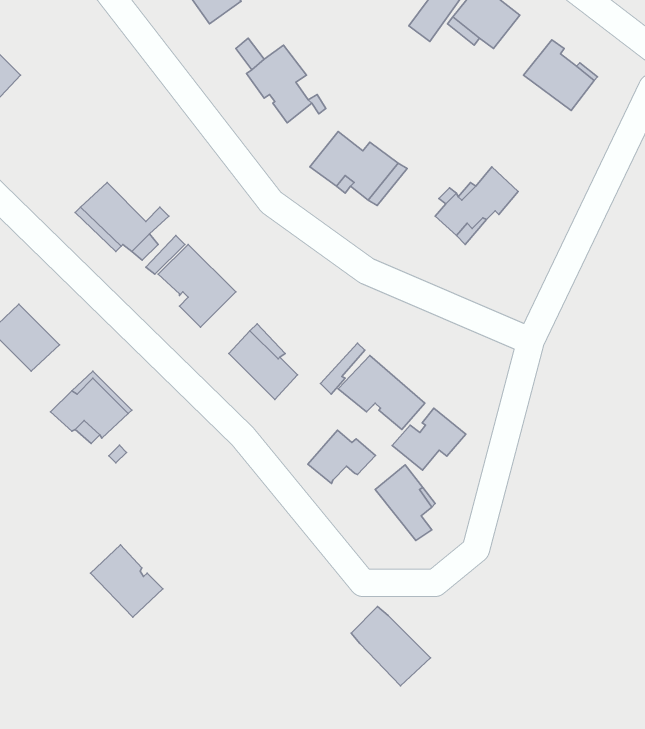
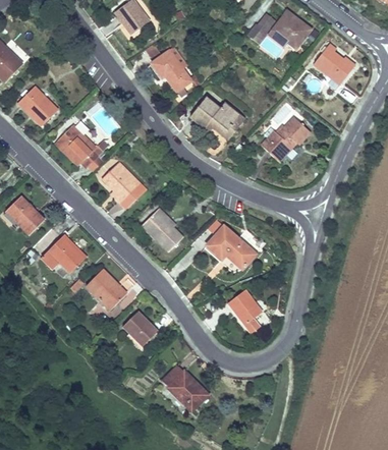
building: none -> [17,86,58,125]
building: [392,408,466,470] -> none
building: [308,430,375,483] -> none
building: none -> [122,311,158,345]
building: [91,545,163,617] -> [86,268,127,310]
building: [351,607,430,686] -> [162,364,208,410]

